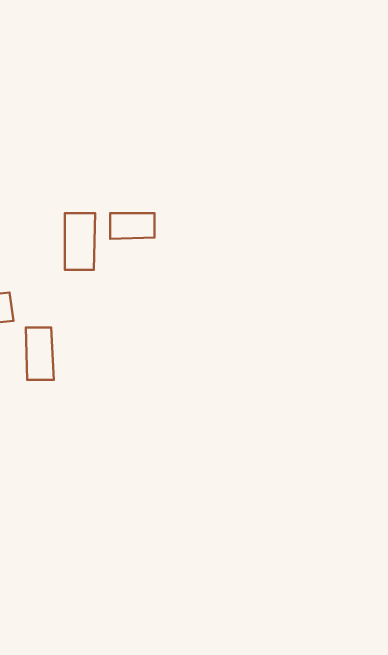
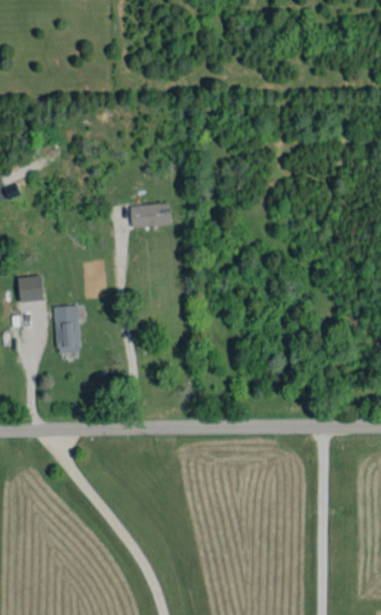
building: [65,213,95,270] -> none

